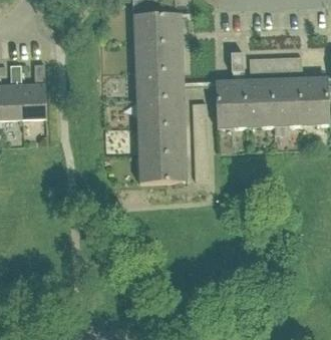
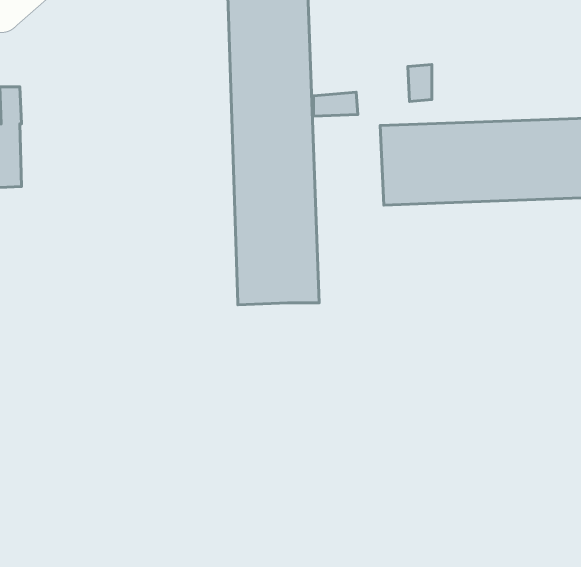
building: [21,62,47,117] -> none

